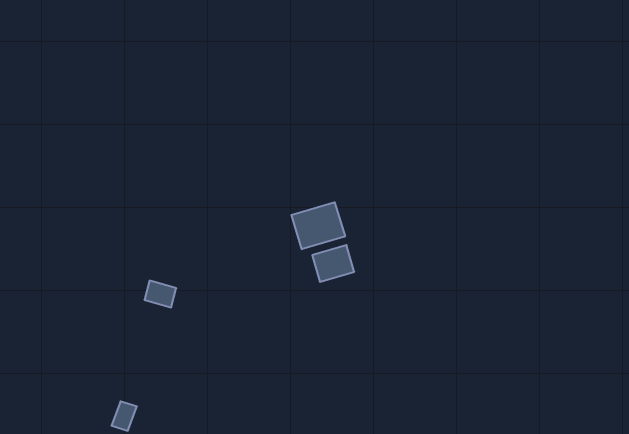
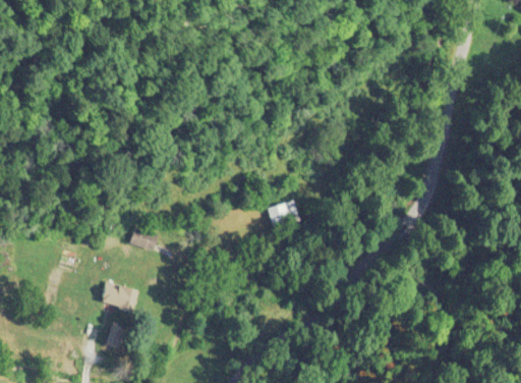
building: [291,202,345,249] -> none
building: none -> [99,283,138,313]

